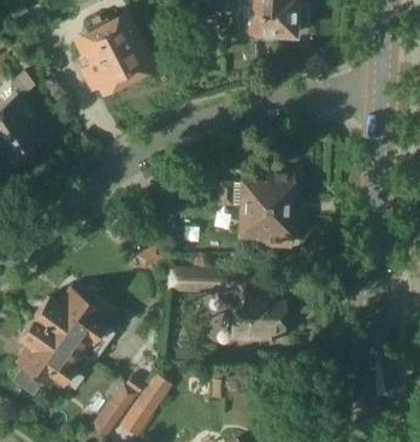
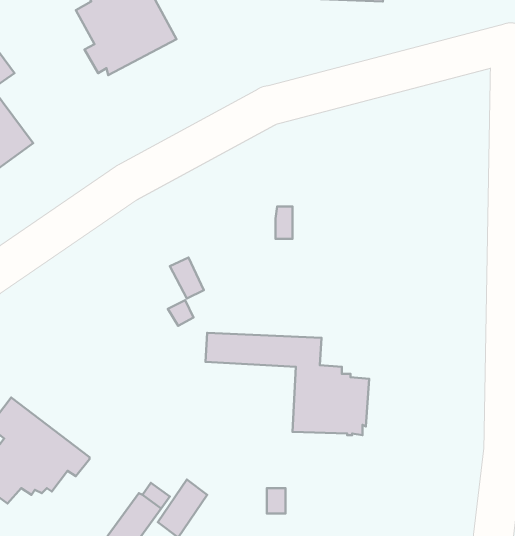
building: [241,170,292,246] -> none
building: [34,288,116,364] -> none

